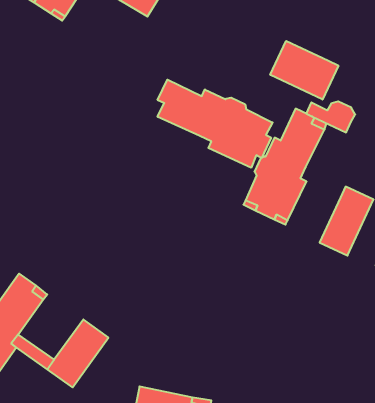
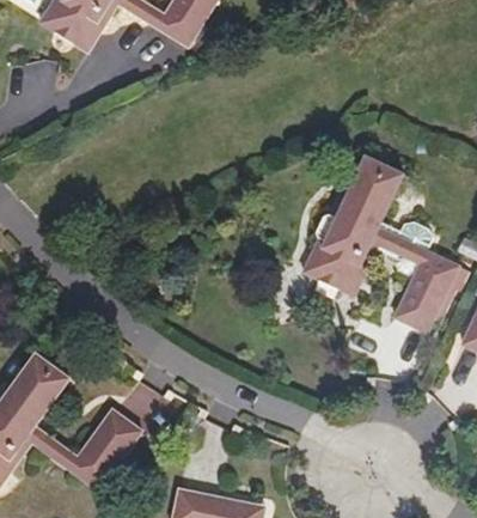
building: [270,41,338,100] -> none
building: [158,80,273,168] -> none
building: [306,101,355,132] -> [372,225,430,262]

